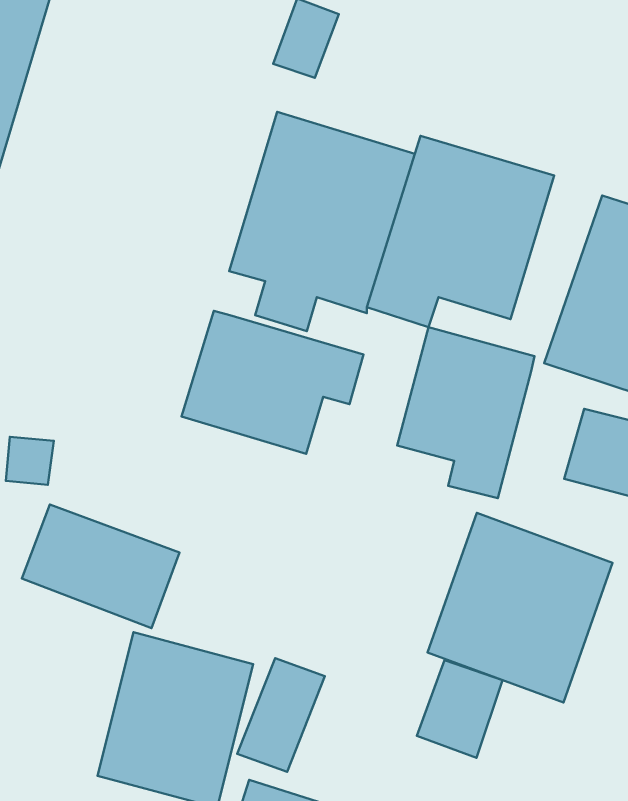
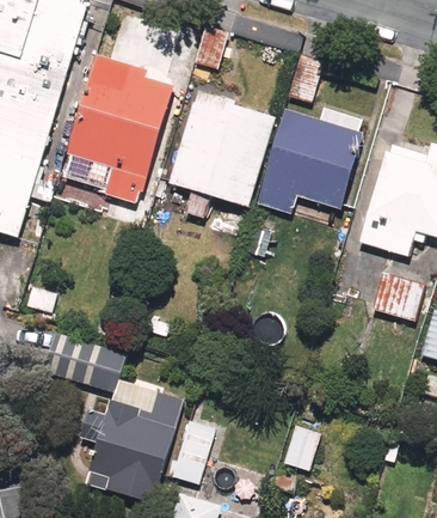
building: none -> [67,51,178,206]
building: [181,311,364,454] -> none
building: [397,327,535,498] -> none
building: [427,513,613,702] -> none

